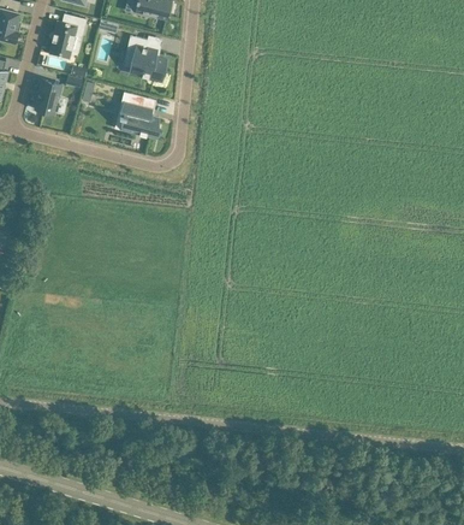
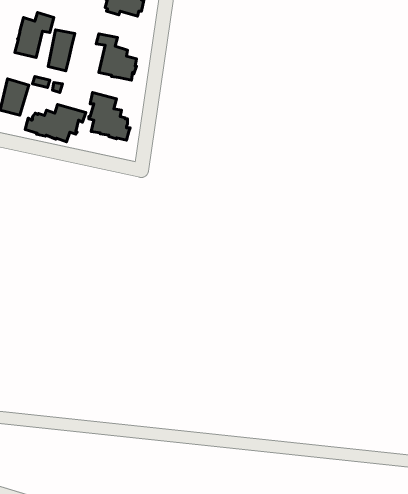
building: none -> [48,30,75,71]
building: none -> [25,104,86,142]

